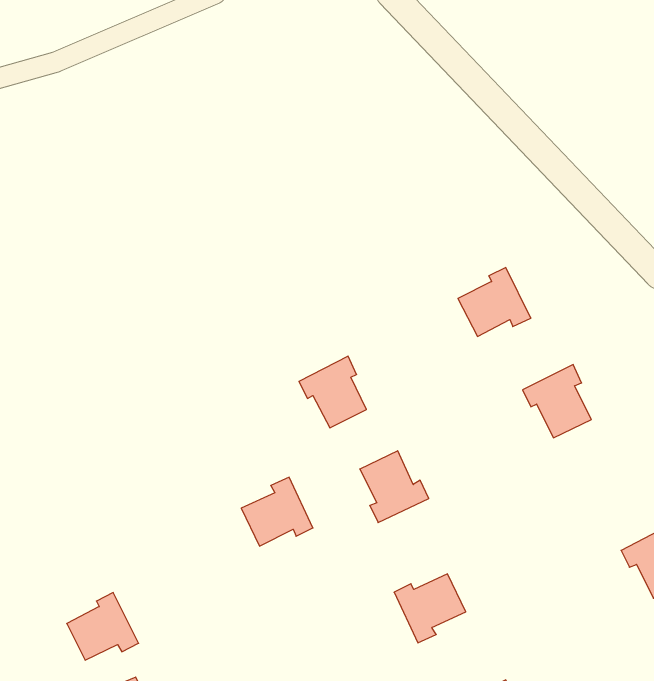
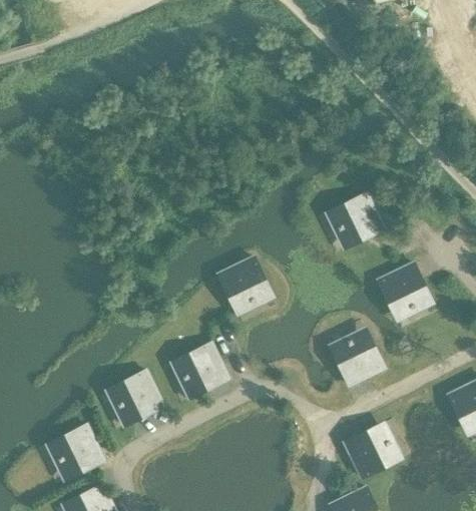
building: [360,451,429,523] -> [335,334,384,385]
building: none -> [111,371,162,419]
building: [394,574,466,643] -> [344,429,395,478]

